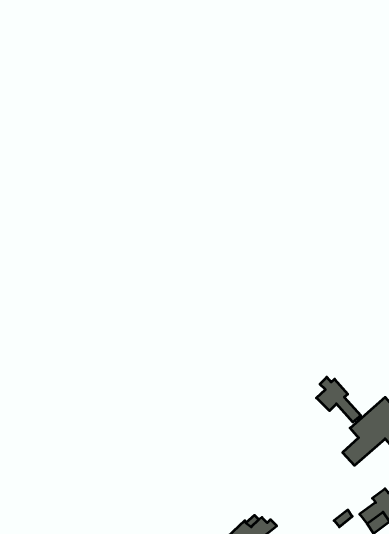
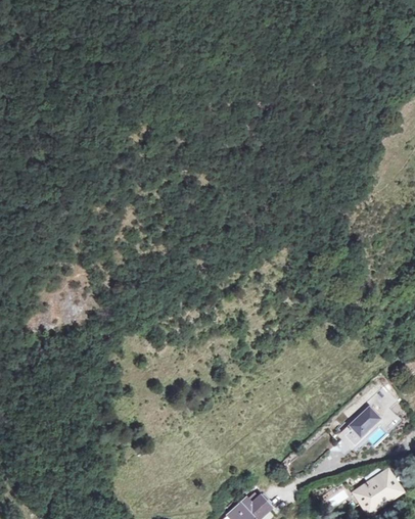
building: [316,377,361,422] -> none

